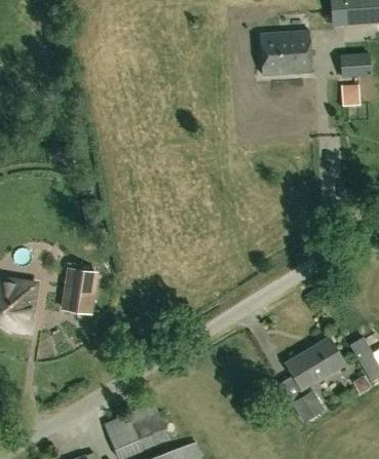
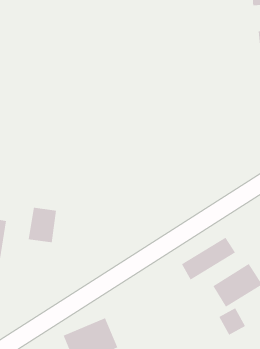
building: [259,30,311,75] -> none
building: none -> [181,237,236,281]

